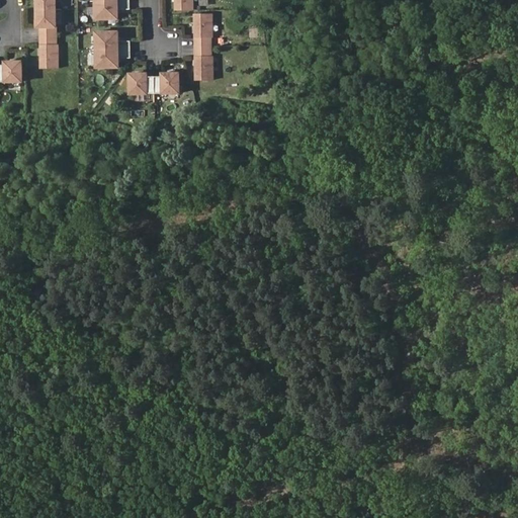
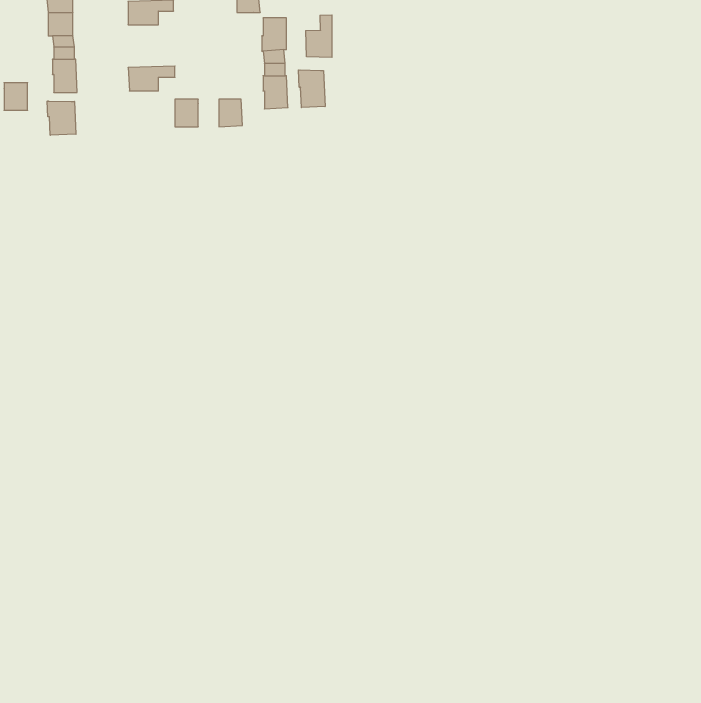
building: none -> [306,15,332,57]
building: [94,31,128,50] -> none
building: none -> [298,70,325,108]
building: none -> [47,101,76,135]

